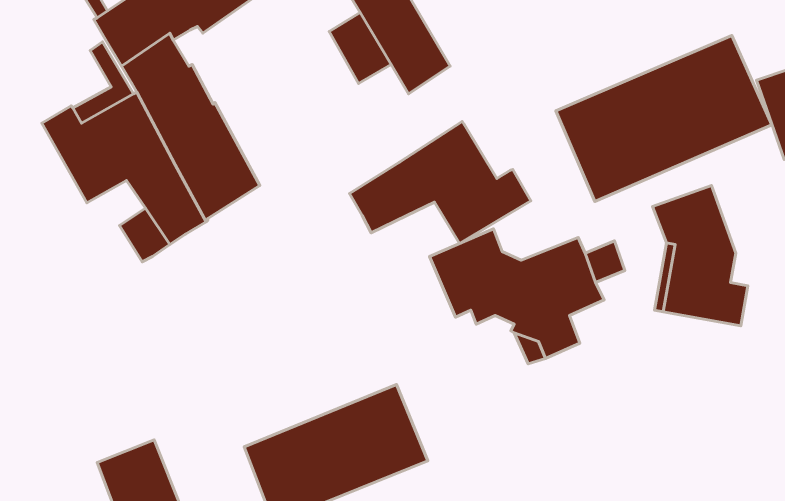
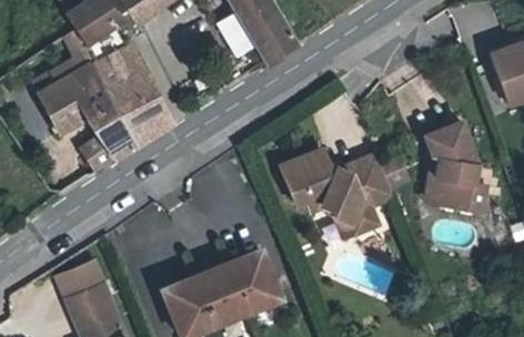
building: [556,36,772,201] -> none
building: [349,121,531,244] -> none
building: none -> [58,262,103,298]

